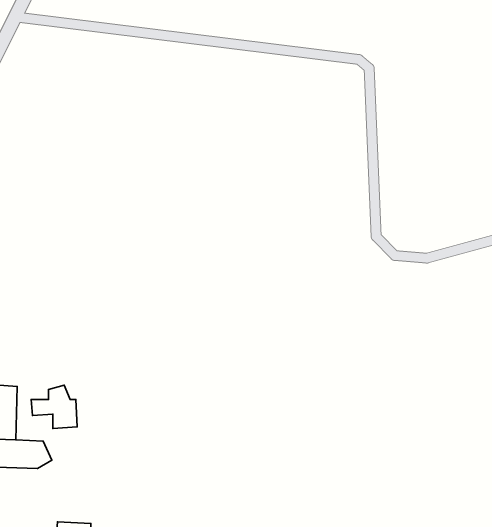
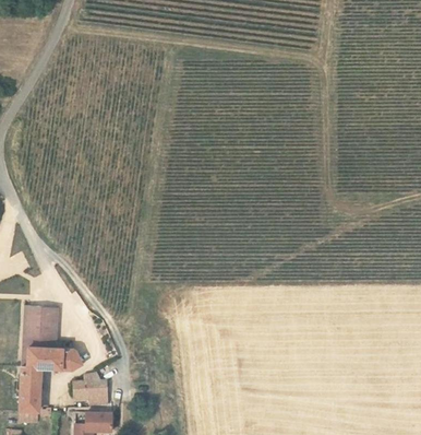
building: [31,385,77,428] -> [72,371,107,403]

